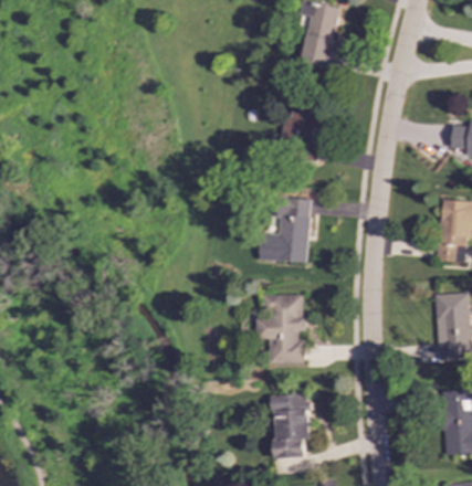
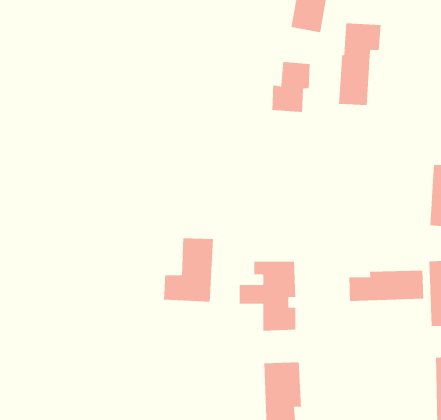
building: none -> [338,23,381,106]
building: [260,197,310,261] -> [163,237,214,303]
building: none -> [348,270,424,302]

